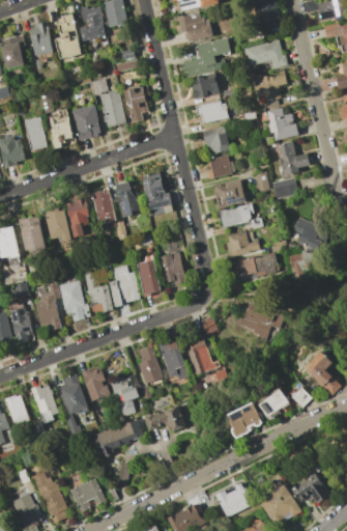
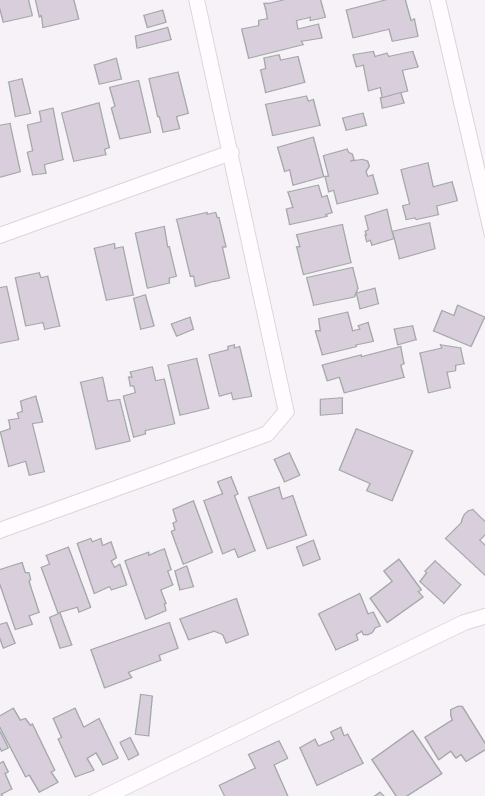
building: [266,107,299,140] -> [323,149,378,204]
building: [65,197,89,237] -> none
building: [58,280,90,322] -> none

